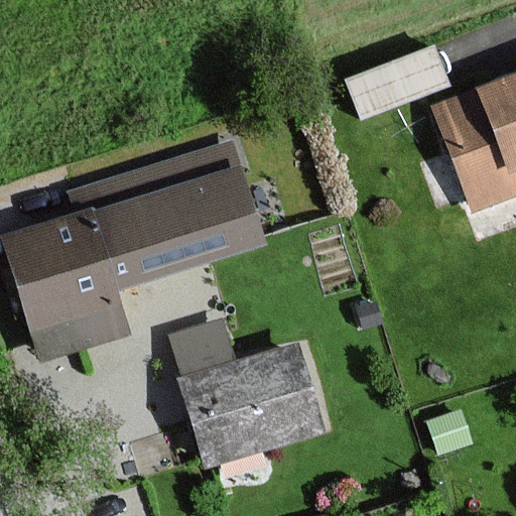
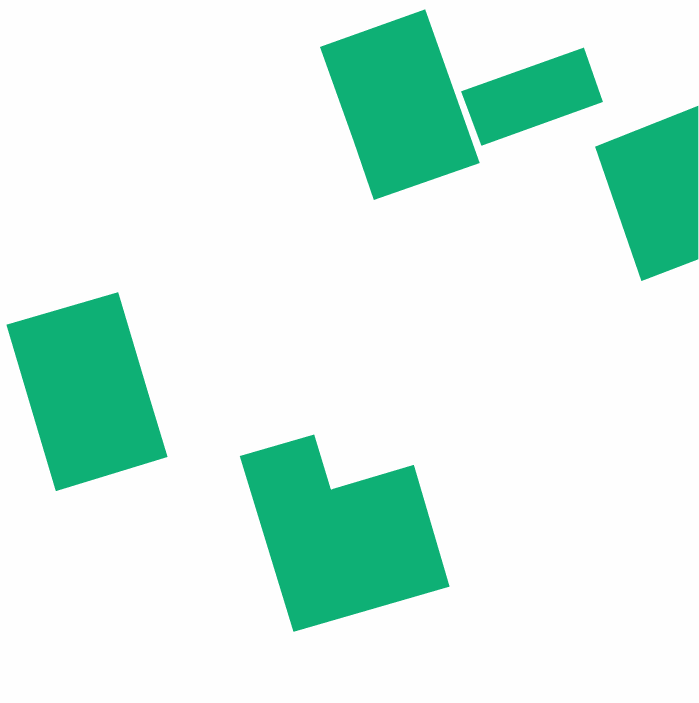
building: none -> [319,8,481,201]
building: [87,170,257,289] -> none

